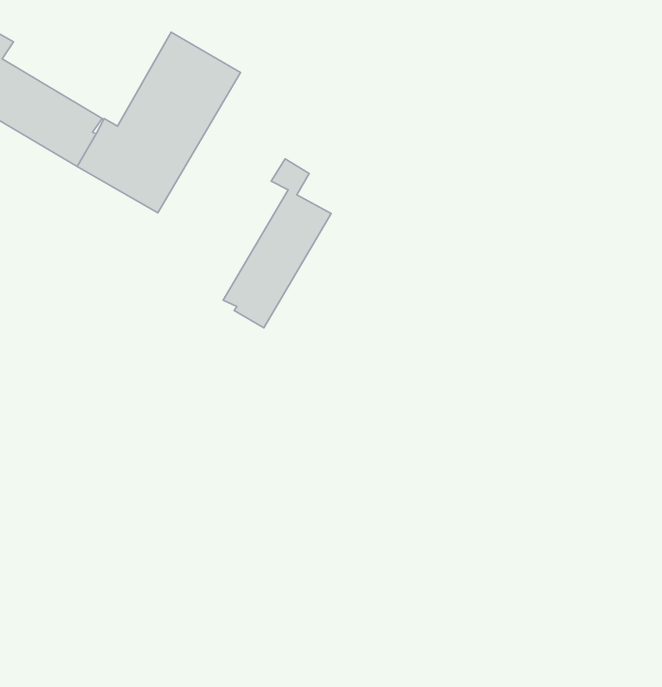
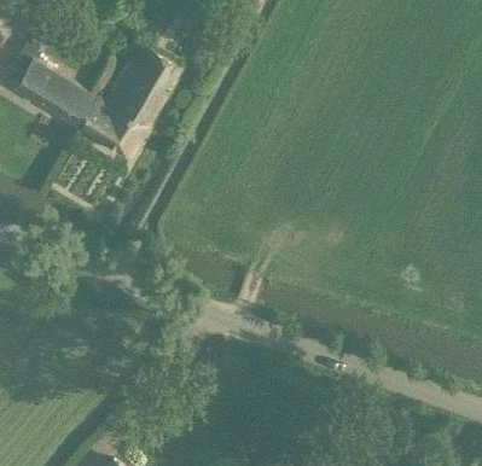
building: [223,159,331,328] -> none

